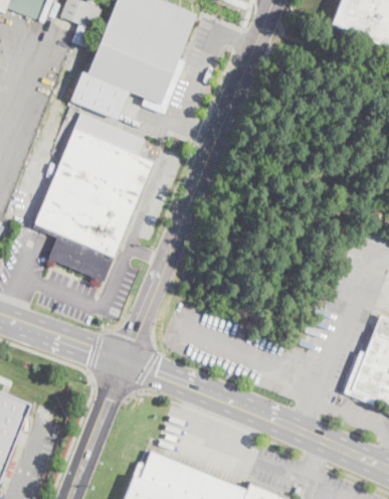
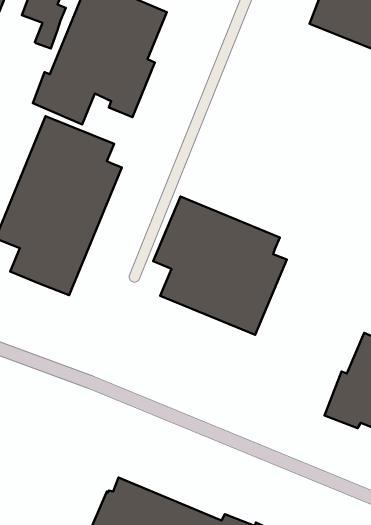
building: none -> [153,197,287,335]

